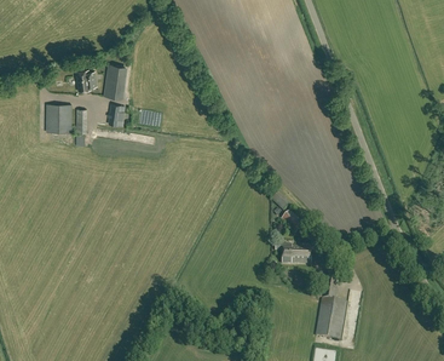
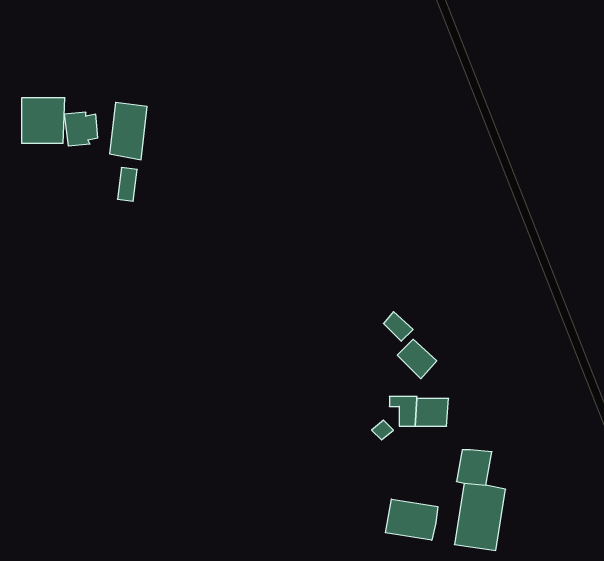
building: [46,104,73,132] -> [22,98,65,143]
building: none -> [385,499,438,540]

